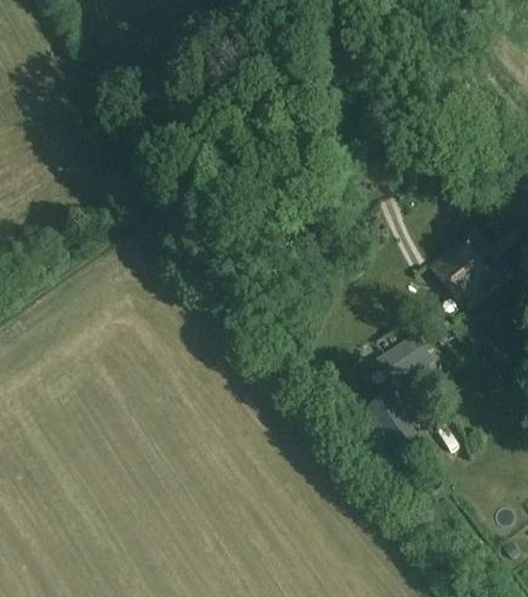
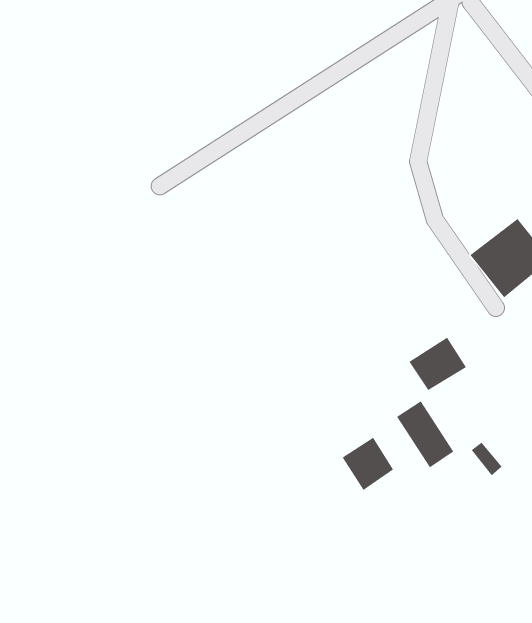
building: none -> [342,437,394,491]

